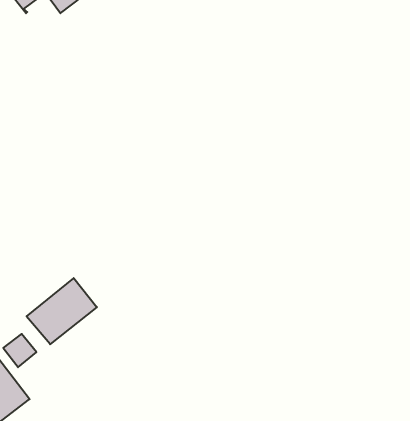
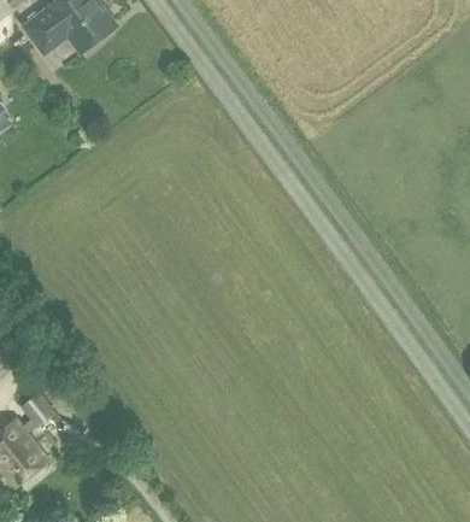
building: [27,278,97,344] -> none

